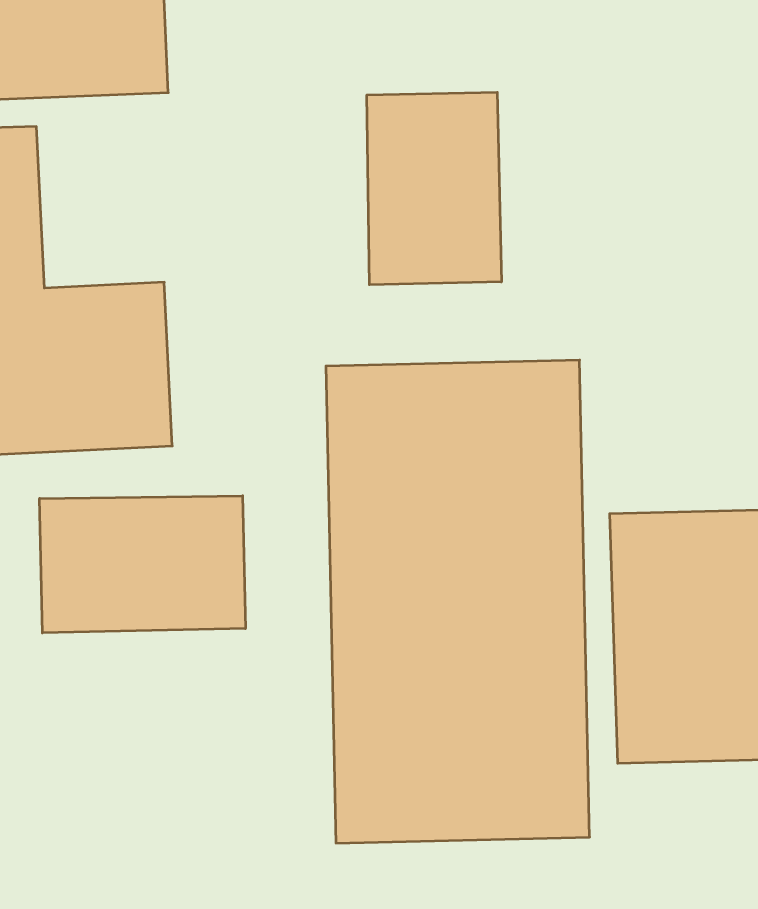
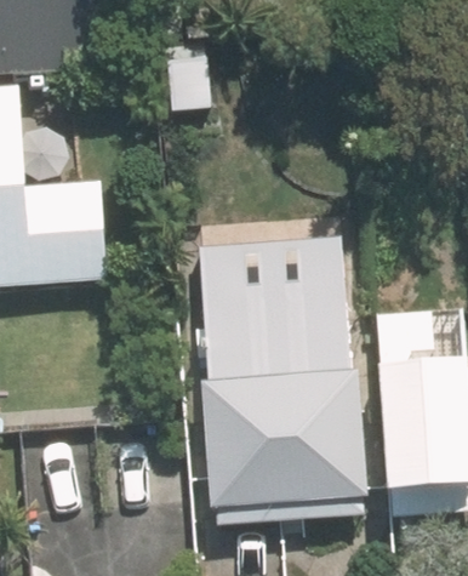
building: [367,92,501,285] -> none
building: [40,496,245,633] -> none

